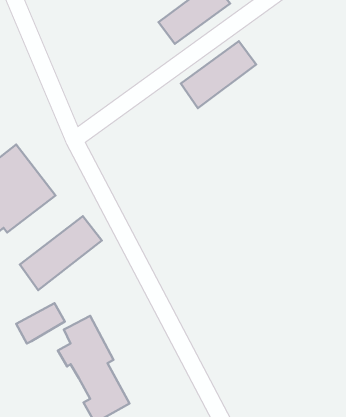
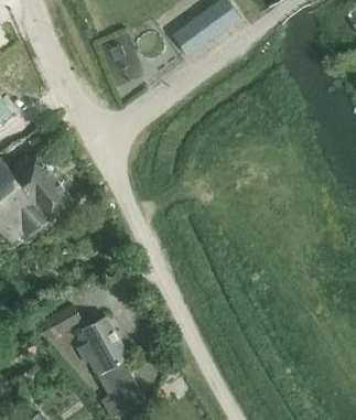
building: [181,41,256,108] -> none
building: [20,216,102,290] -> none

